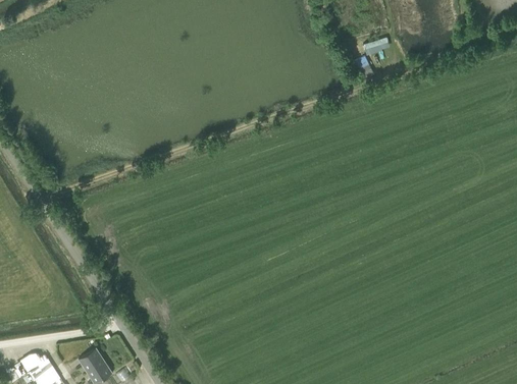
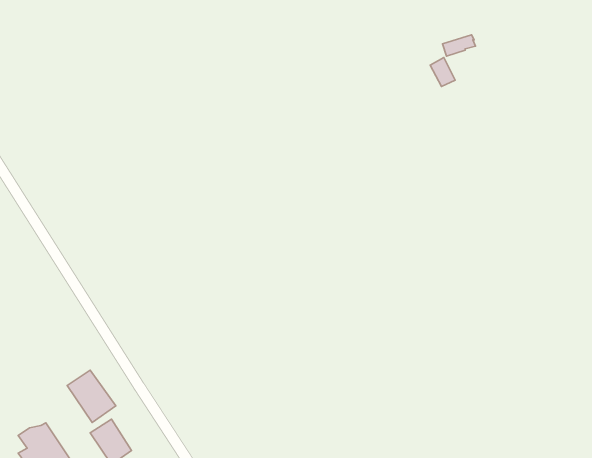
building: none -> [67,370,116,423]

